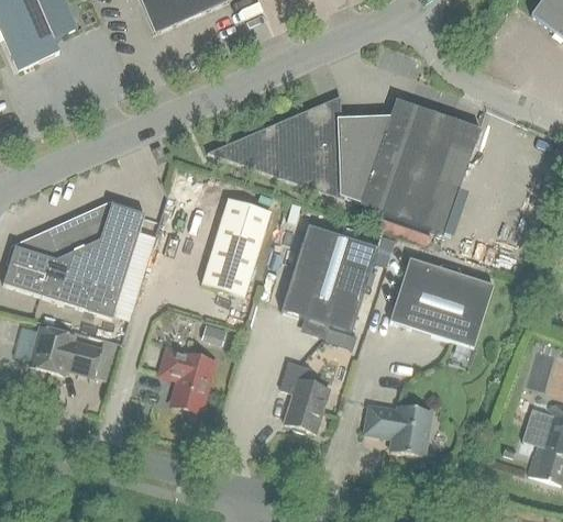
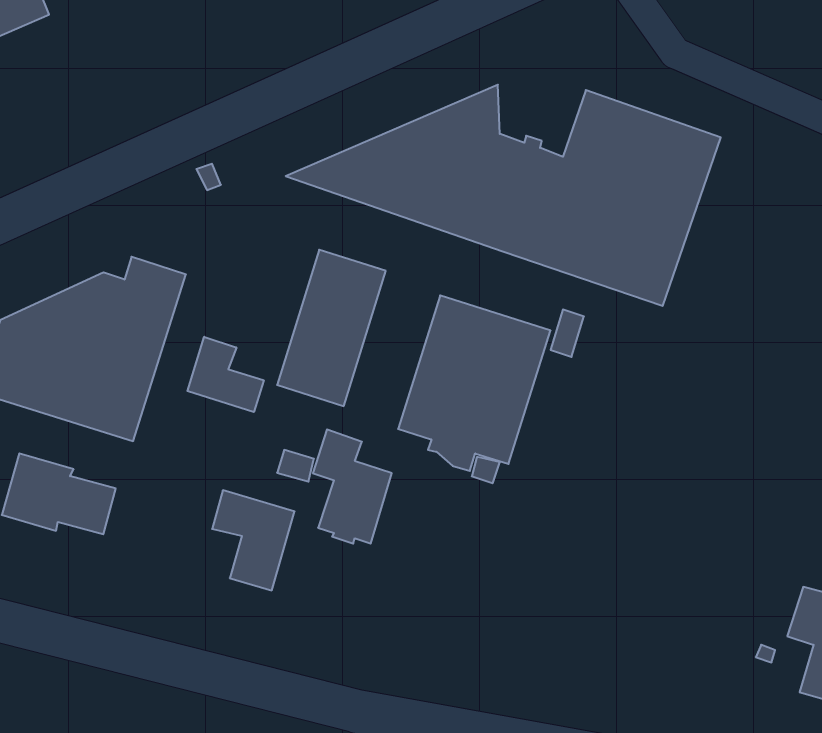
building: none -> [187,337,264,412]
building: [390,256,494,346] -> none
building: [280,359,330,431] -> [313,429,392,544]
building: [365,403,432,455] -> none

